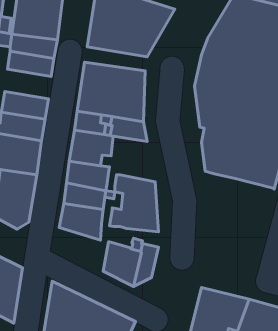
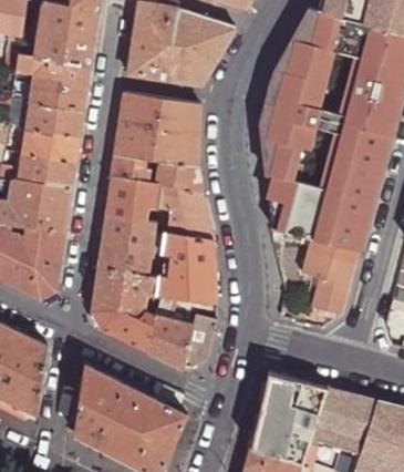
building: none -> [25,102,83,138]
building: none -> [157,185,211,242]
building: none -> [300,237,358,315]
building: none -> [92,298,154,352]

